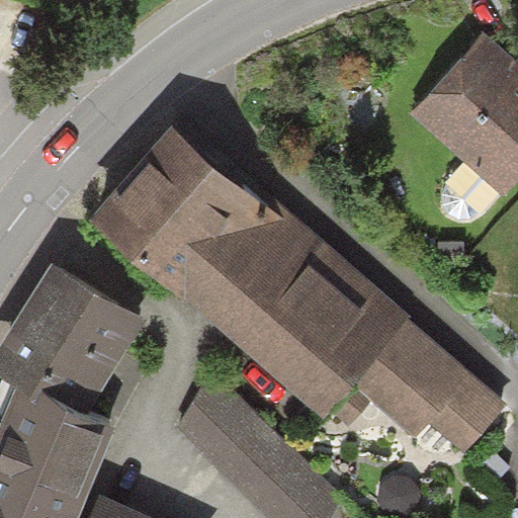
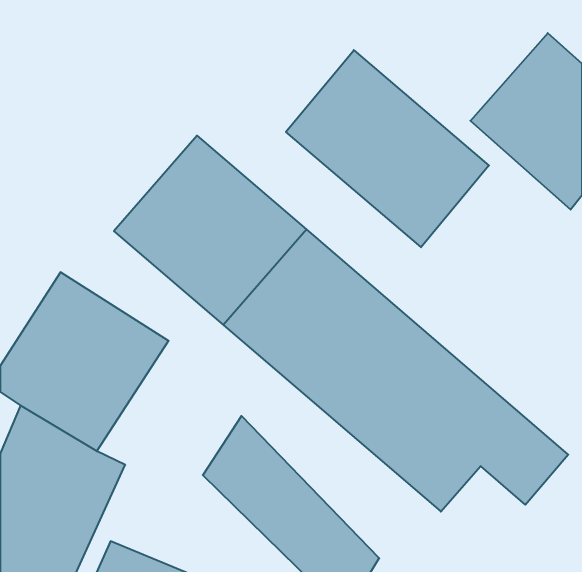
building: none -> [286,50,489,247]

